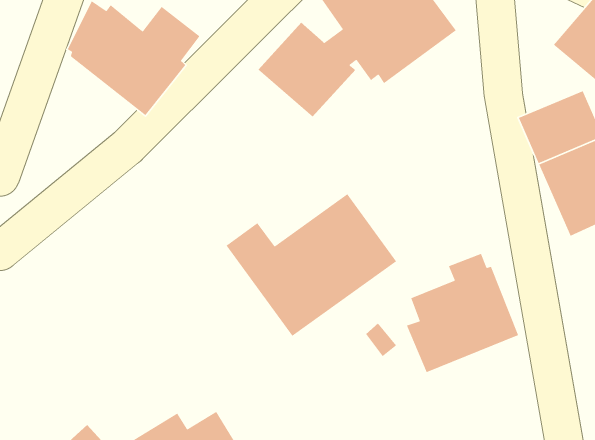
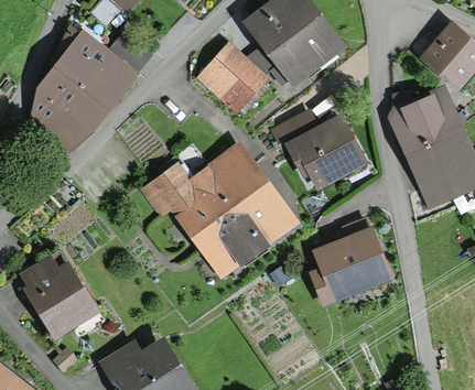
building: none -> [29,67,110,153]
building: none -> [269,107,369,191]
building: none -> [139,140,263,217]
building: none -> [18,253,99,340]

